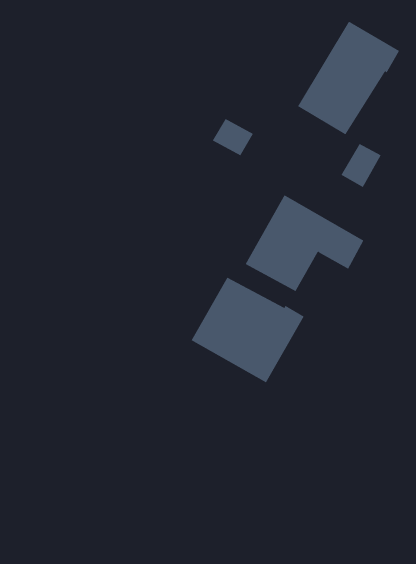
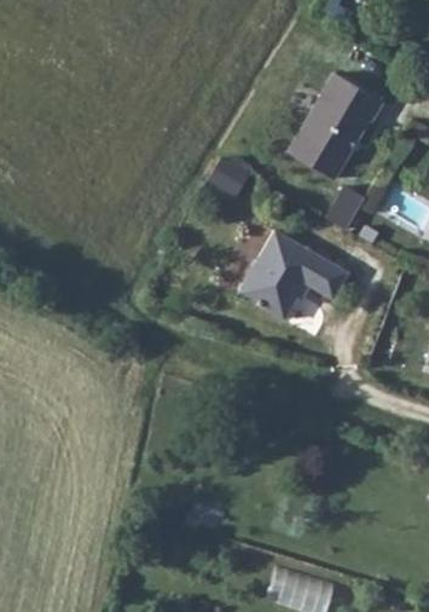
building: [191,277,305,383] -> none

